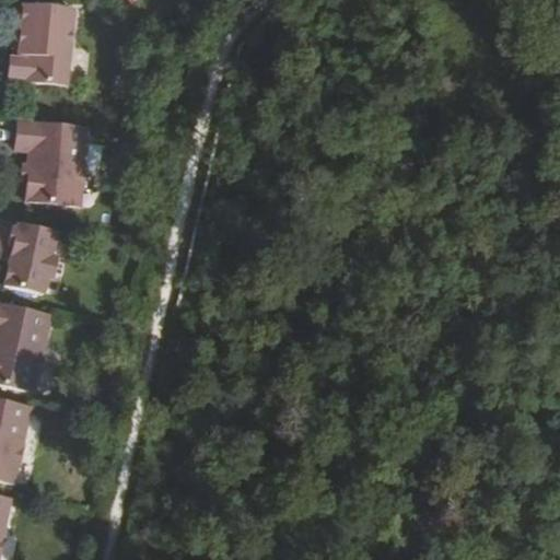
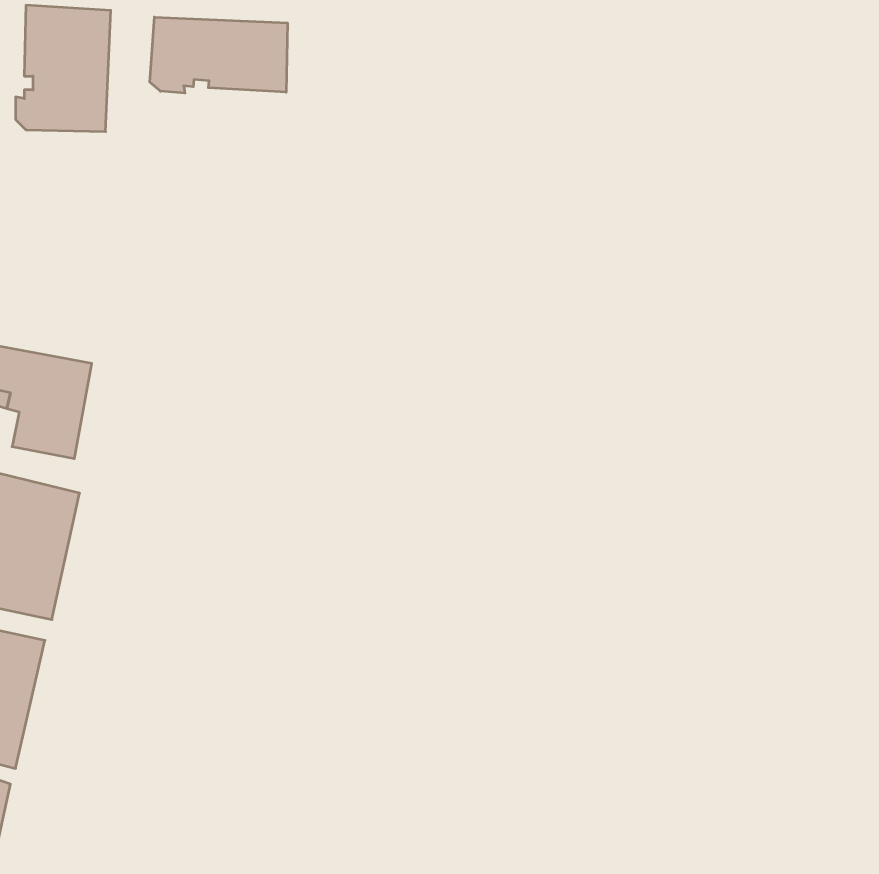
building: none -> [150,17,287,93]
building: [20,120,91,208] -> none

